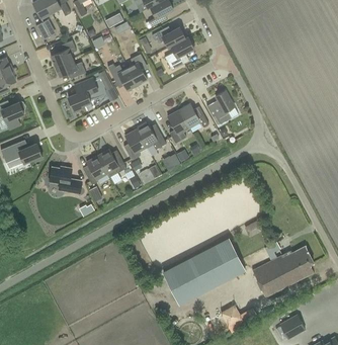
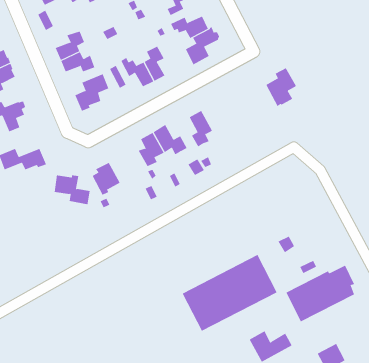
building: [206,91,234,125] -> [266,68,297,107]
building: [178,103,208,128] -> none
building: [97,149,125,174] -> none

